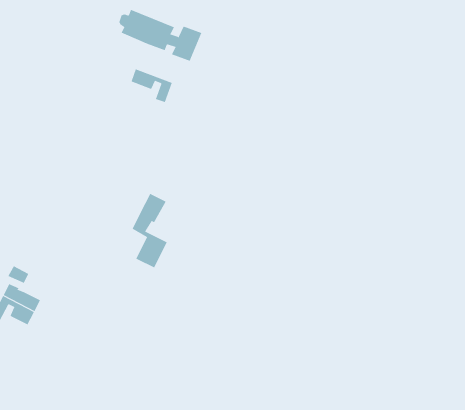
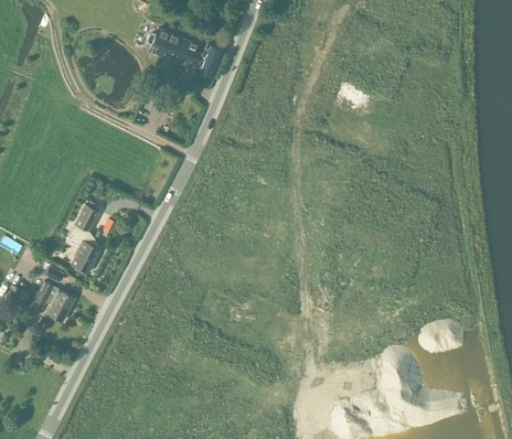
building: [131,69,172,103] -> none
building: [132,193,168,268] -> [67,203,100,272]

